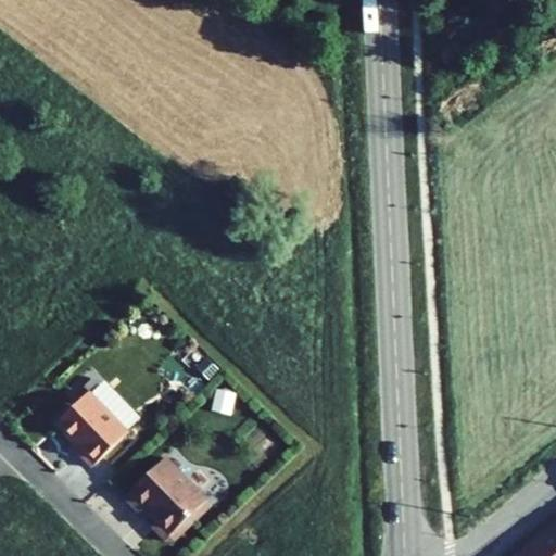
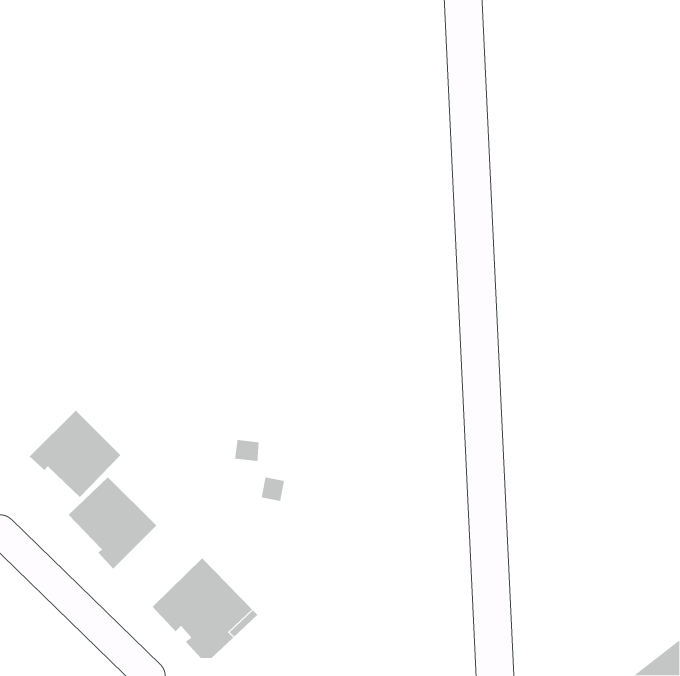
building: none -> [29,410,121,498]

